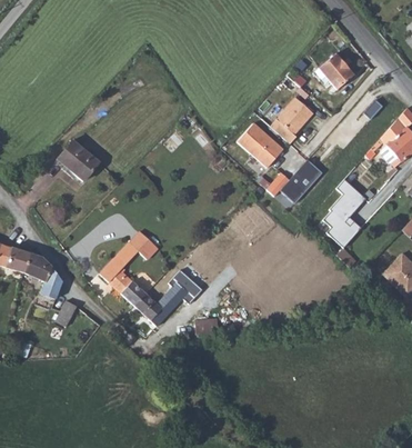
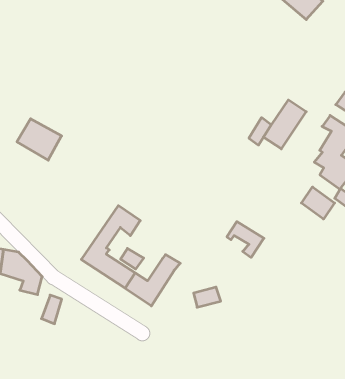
building: [270,97,313,142] -> none
building: [237,122,282,167] -> none
building: none -> [301,187,335,219]
building: [169,269,202,303] -> [227,222,264,257]

